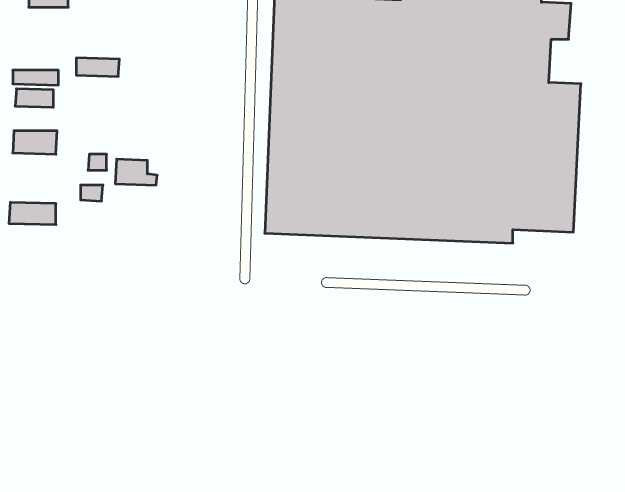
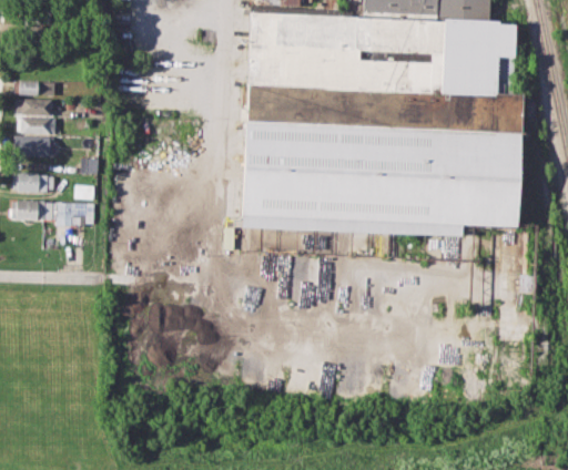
building: [76,58,119,76] -> [18,118,57,134]
building: [115,159,157,185] -> [58,203,95,226]
building: none -> [13,173,54,193]

